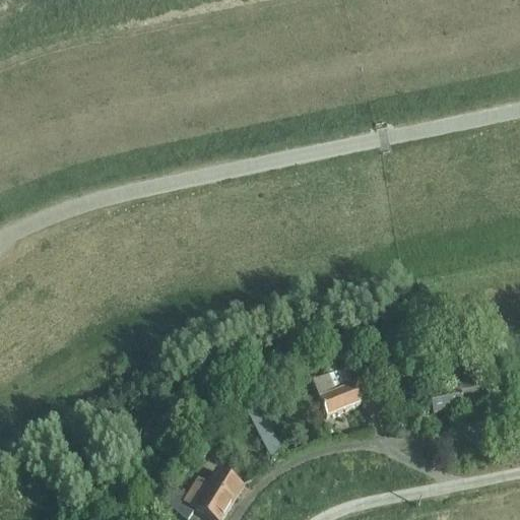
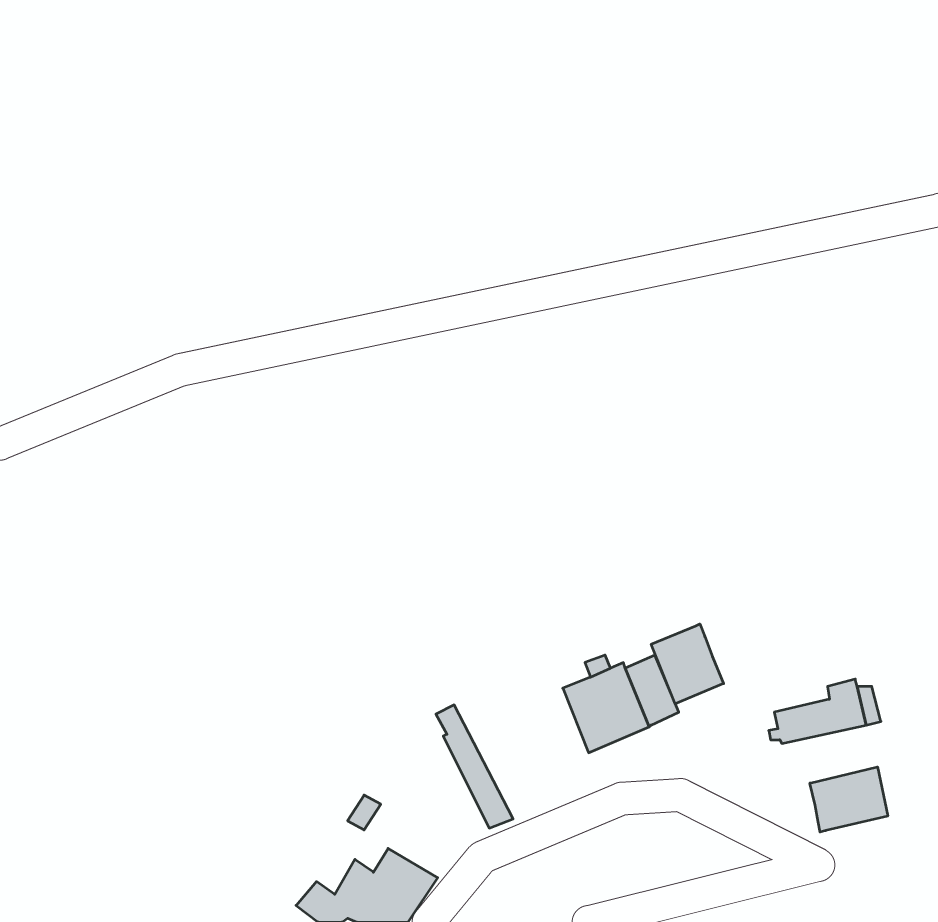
building: none -> [651,624,724,704]
building: none -> [810,767,888,832]

